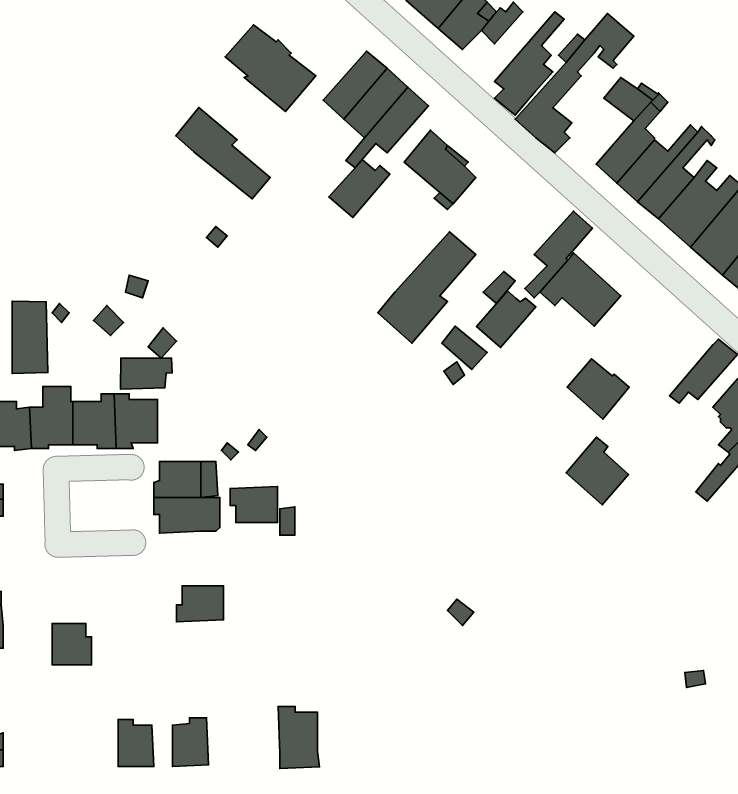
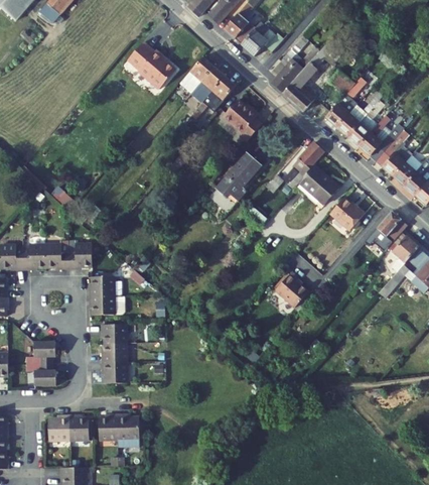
building: [176,108,270,199] -> none
building: [329,160,390,217] -> none
building: [476,291,536,348] -> none
building: [12,301,48,374] -> none
building: [120,358,172,389] -> none
building: [567,359,629,419] -> [330,198,364,230]
building: [566,437,628,505] -> [275,271,308,308]
building: [230,487,277,522] -> [101,324,126,343]
building: none -> [26,341,55,364]
building: none -> [101,361,127,383]
building: [278,706,320,769] -> [117,413,139,447]
building: none -> [48,414,69,441]

